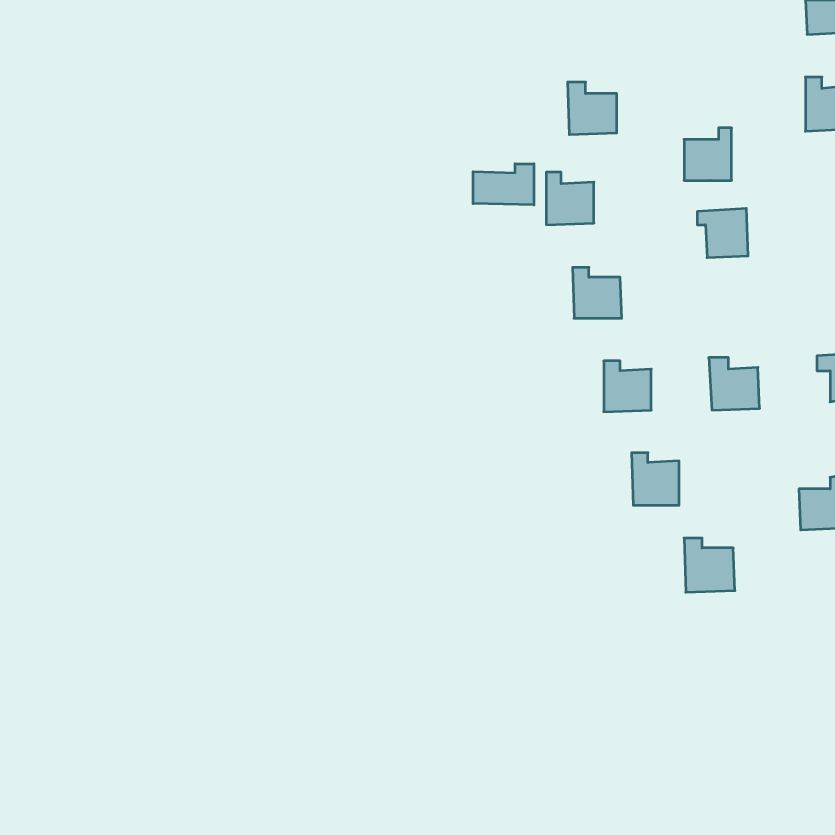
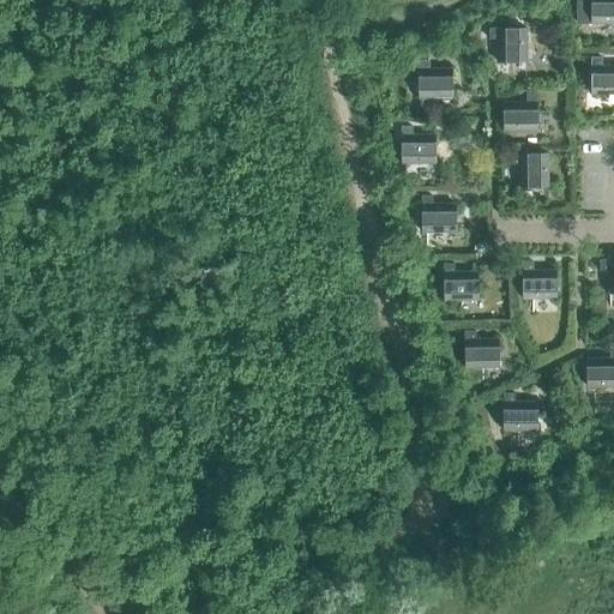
building: none -> [489,31,528,66]
building: [473,164,534,205] -> none

